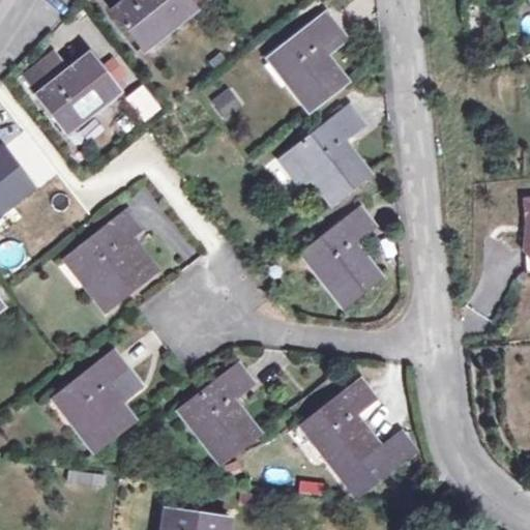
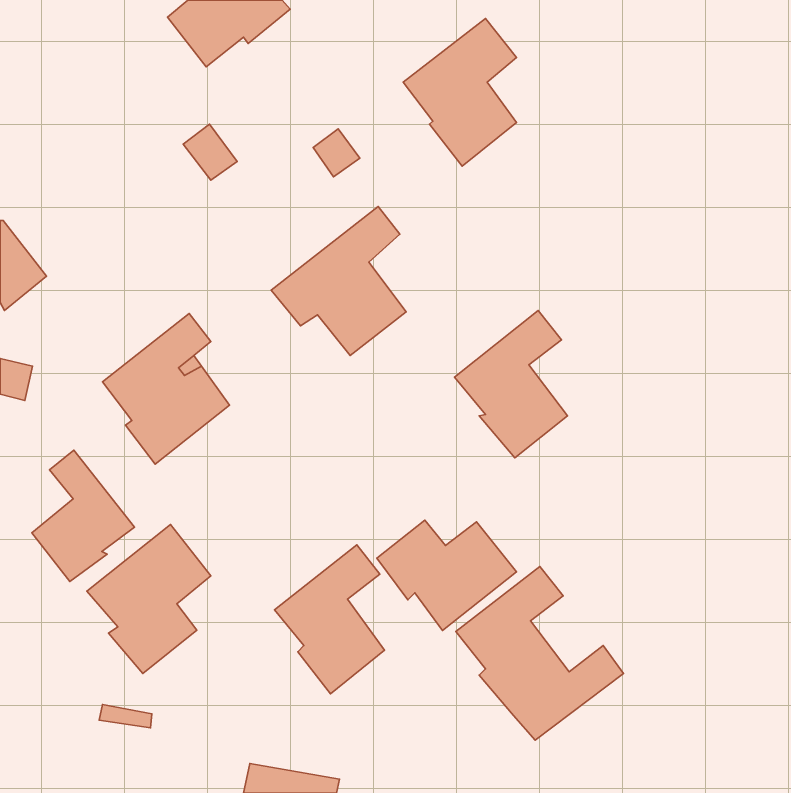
building: [24,54,118,129] -> none
building: [278,105,369,204] -> [271,206,406,355]
building: none -> [32,450,134,581]
building: none -> [377,520,516,630]

